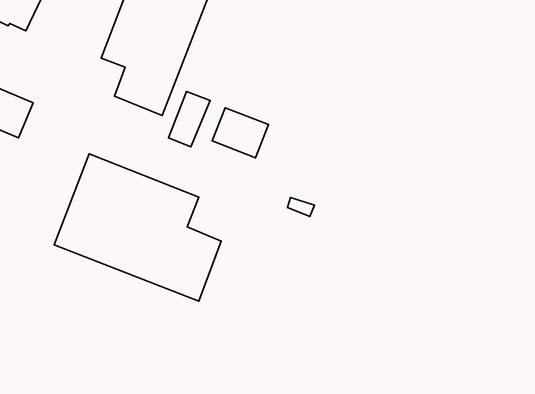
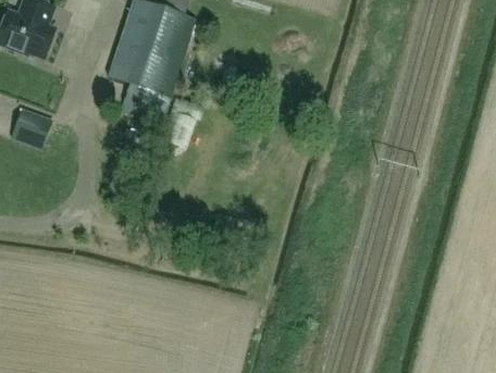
building: [212,108,268,158] -> none
building: [54,154,221,301] -> none

